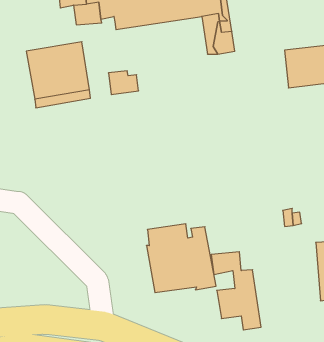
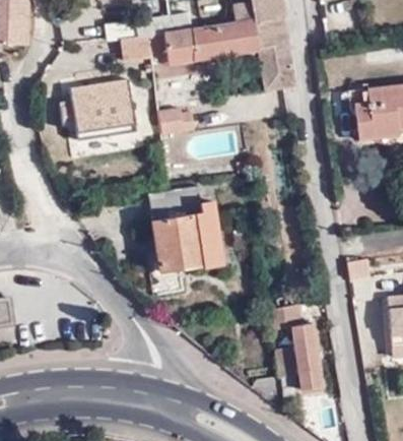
building: [146,224,216,293] -> [150,198,225,272]

